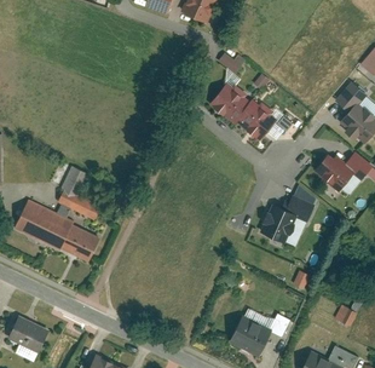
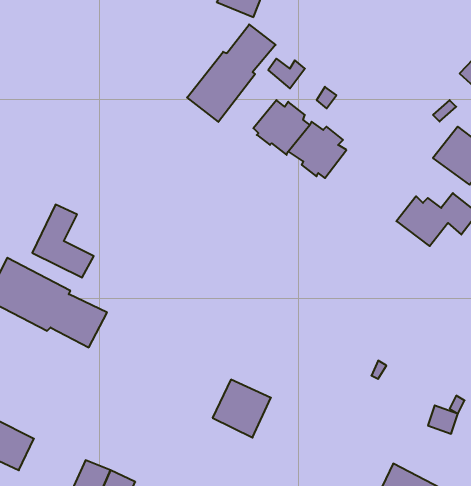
building: none -> [187,24,276,122]
building: [272,196,317,249] -> none
building: [229,316,271,358] -> [213,380,271,438]

